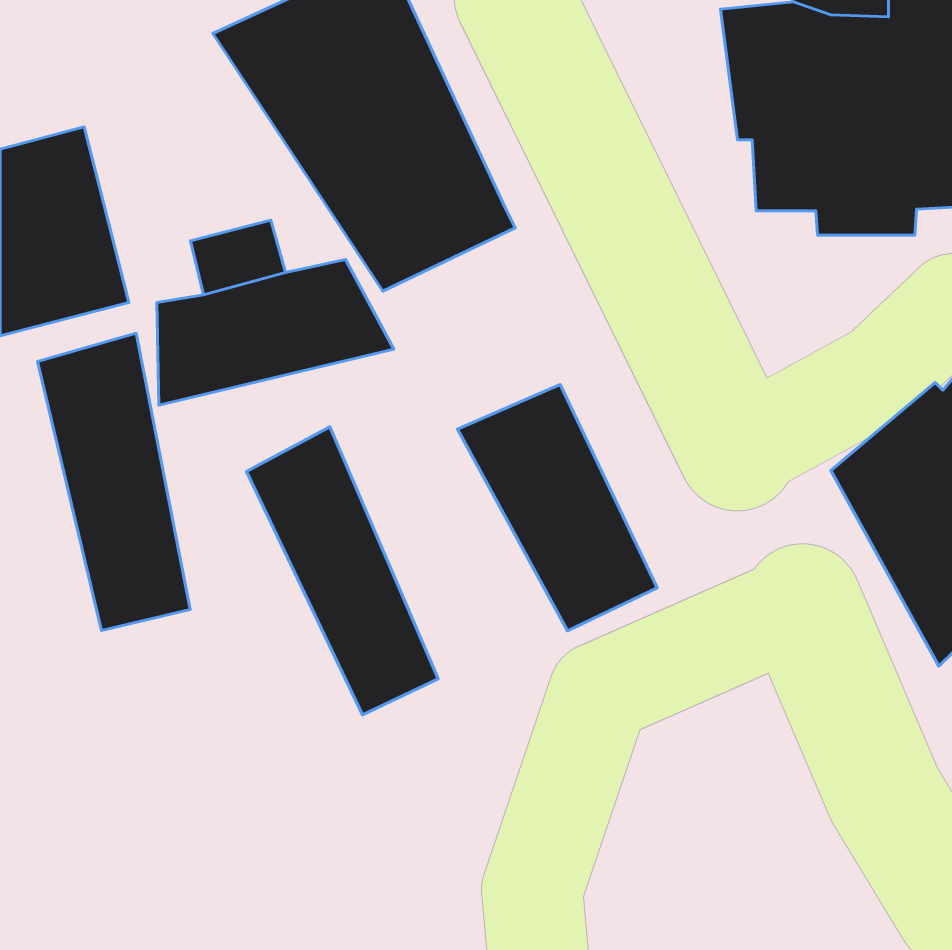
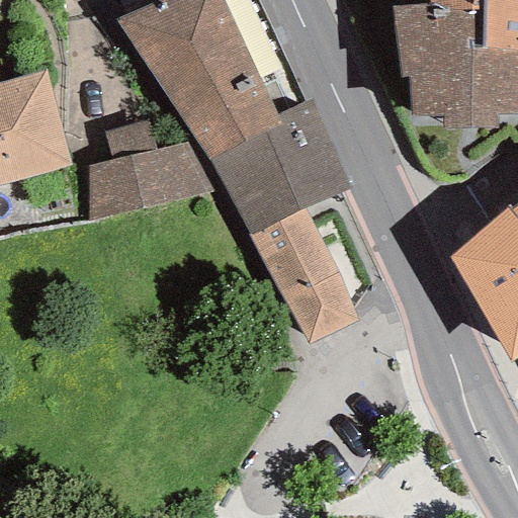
building: none -> [208,97,351,233]
building: [38,333,190,631] -> none
building: [246,427,438,715] -> none

